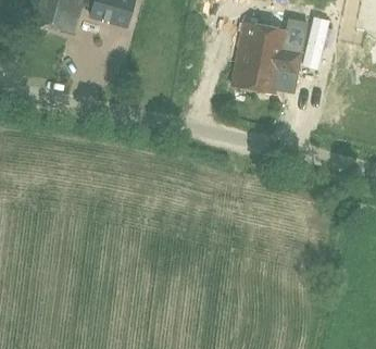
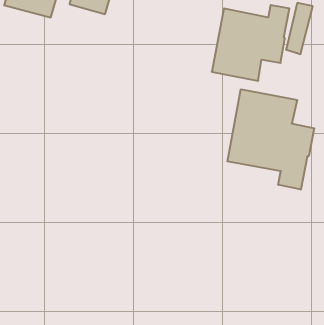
building: none -> [227,89,314,190]

